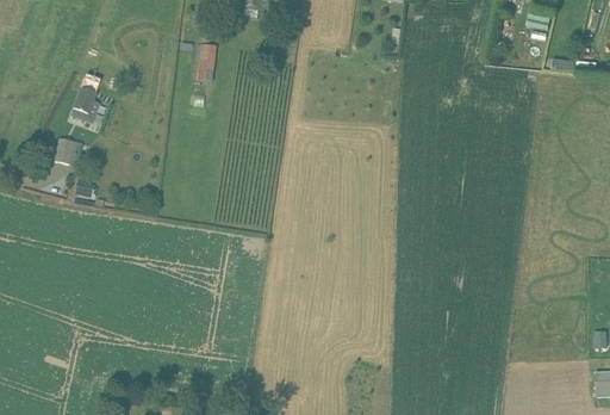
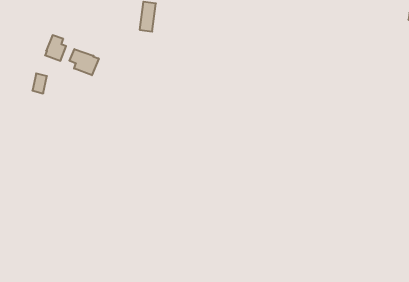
building: none -> [69,49,99,75]

